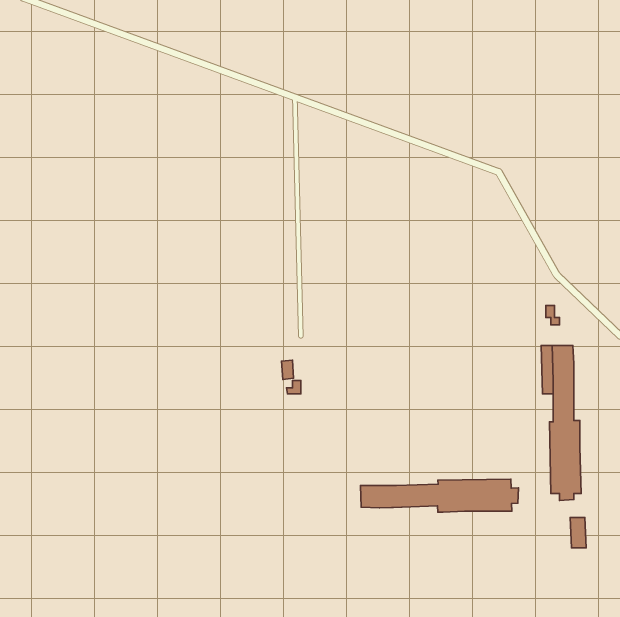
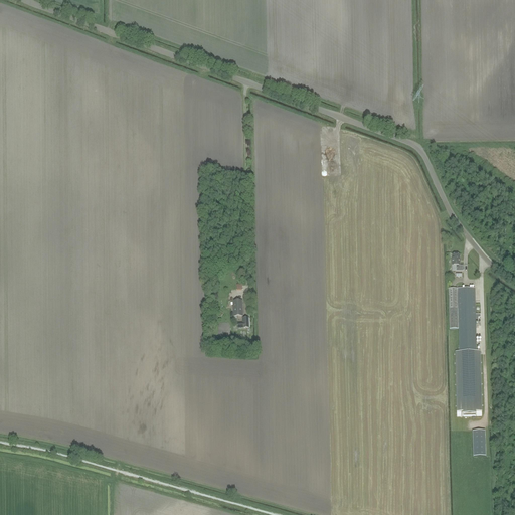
building: [360,479,518,512] -> none

